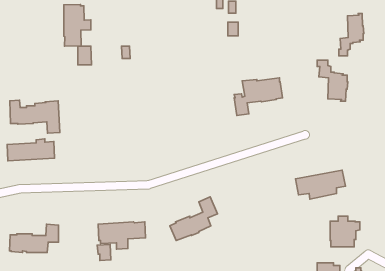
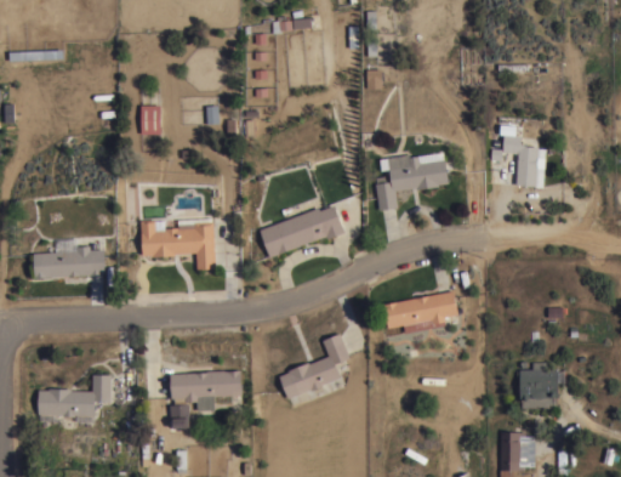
building: [64,5,91,46] -> none
building: [339,13,364,56] -> none
building: [10,100,60,133] -> [141,221,216,271]
building: none -> [260,206,346,259]
building: [295,170,345,199] -> [383,291,458,335]

